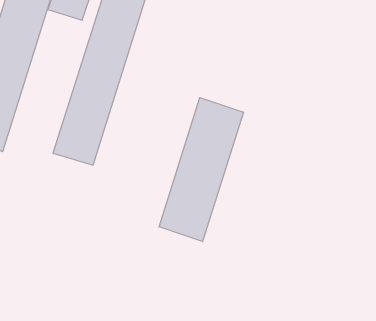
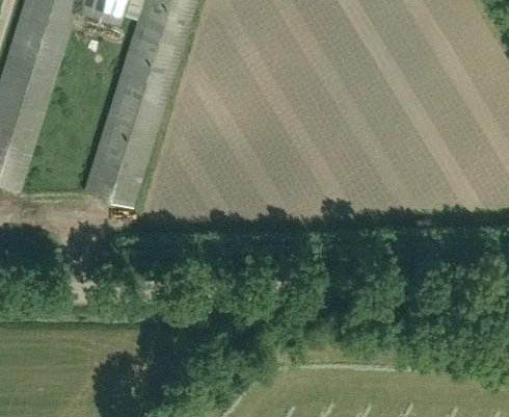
building: [159,98,243,242] -> none

